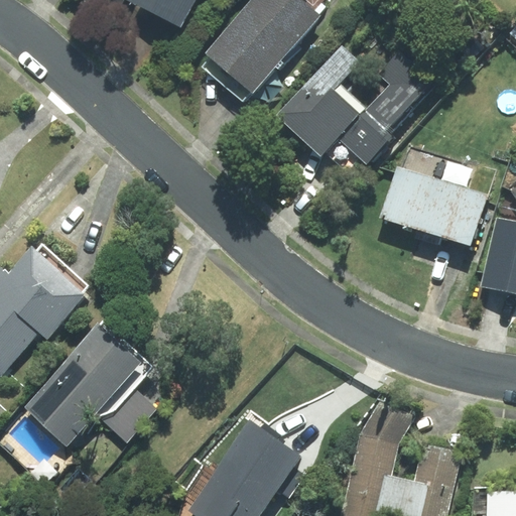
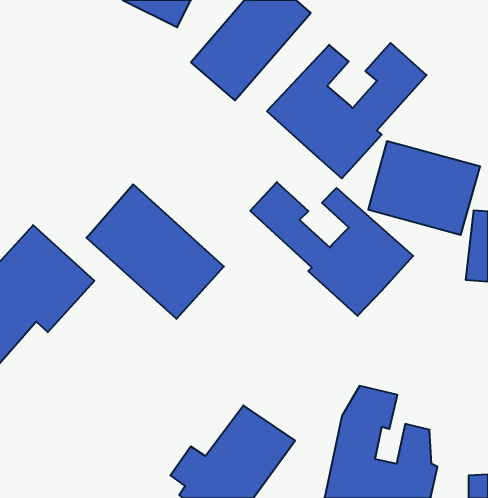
building: none -> [250,182,413,316]
building: none -> [86,184,224,319]
building: [26,320,159,446] -> none

